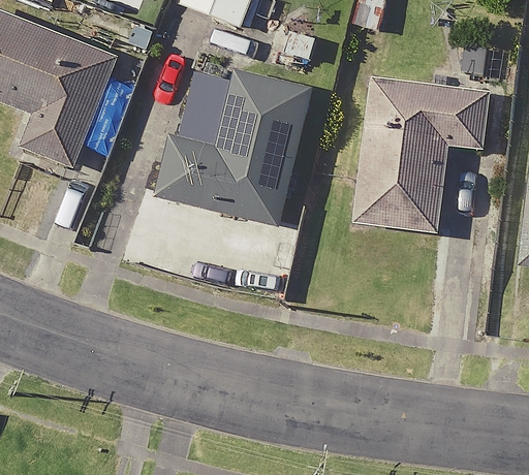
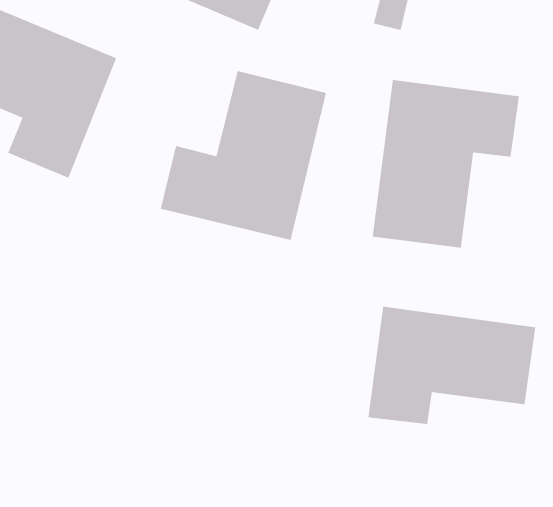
building: none -> [368,306,536,425]

